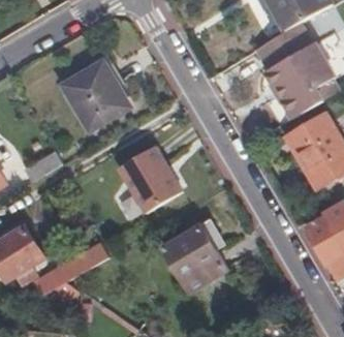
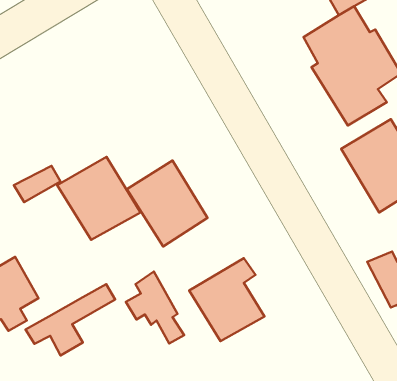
building: [62,64,128,130] -> [57,157,140,240]
building: none -> [126,272,184,344]

